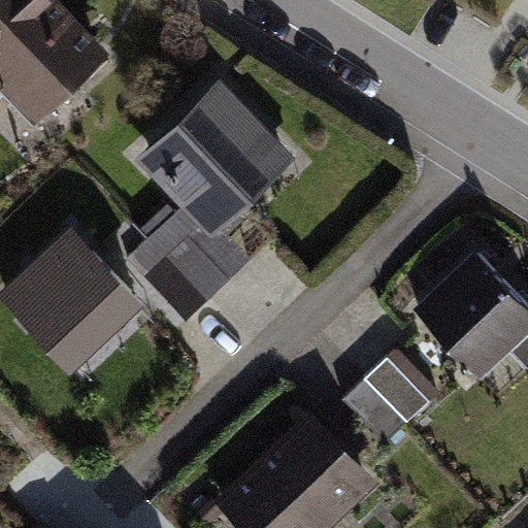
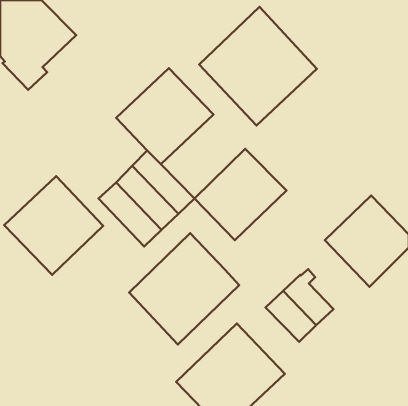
building: none -> [199,7,317,125]
building: none -> [194,149,286,240]
building: none -> [129,233,239,344]

